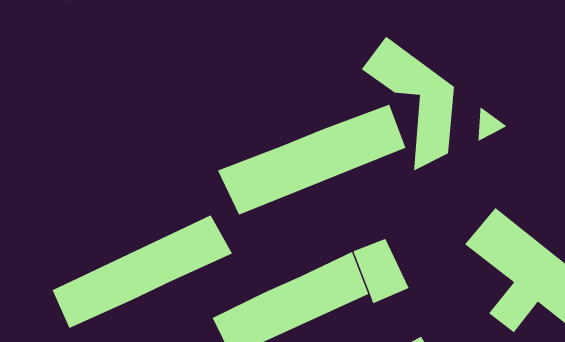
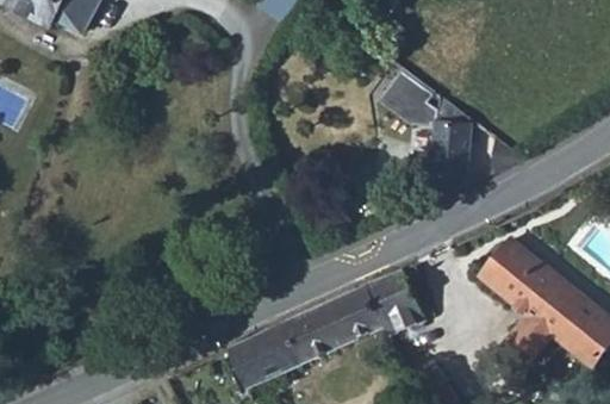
building: [217,104,406,215] -> none
building: [52,214,233,329] -> none

